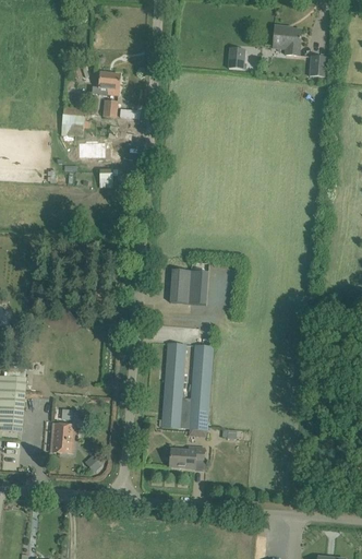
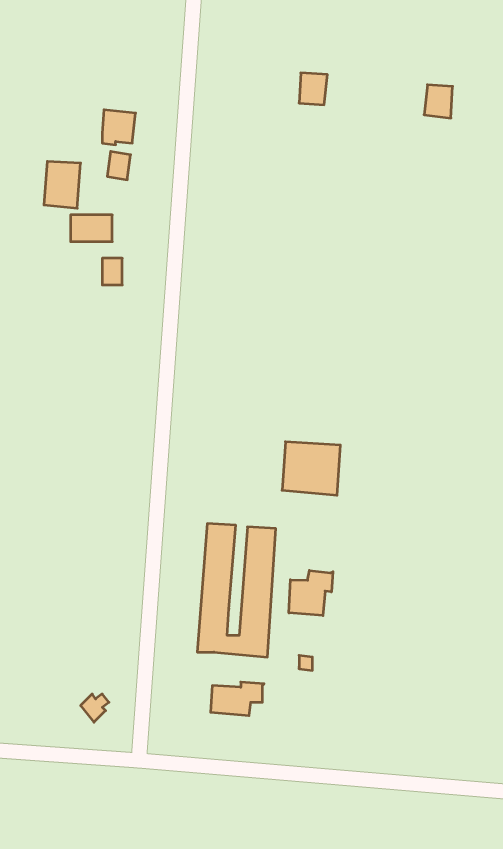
building: [273,26,301,56] -> none
building: [169,270,207,305] -> [282,442,340,495]
building: none -> [289,570,333,616]
building: [51,424,74,453] -> none

